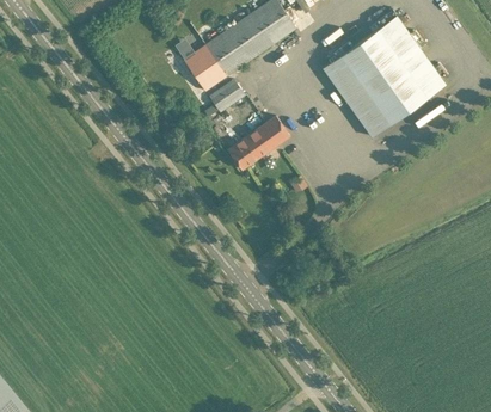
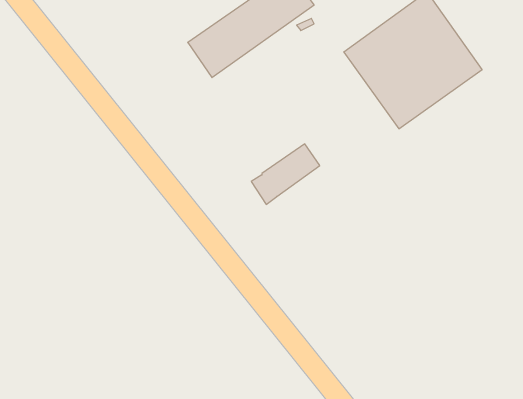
building: [208,80,244,113] -> none
building: [227,117,288,171] -> [251,144,320,204]

